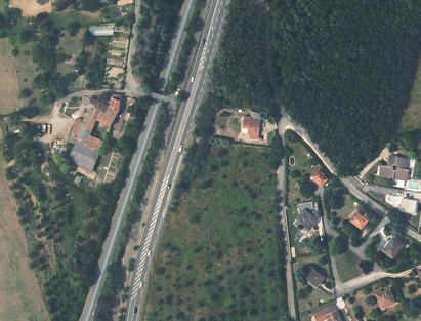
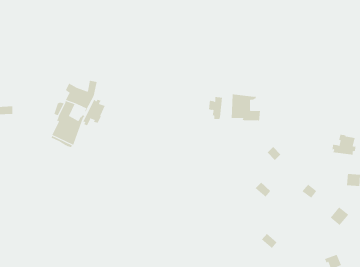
building: none -> [231,93,261,121]
building: none -> [82,99,106,126]

